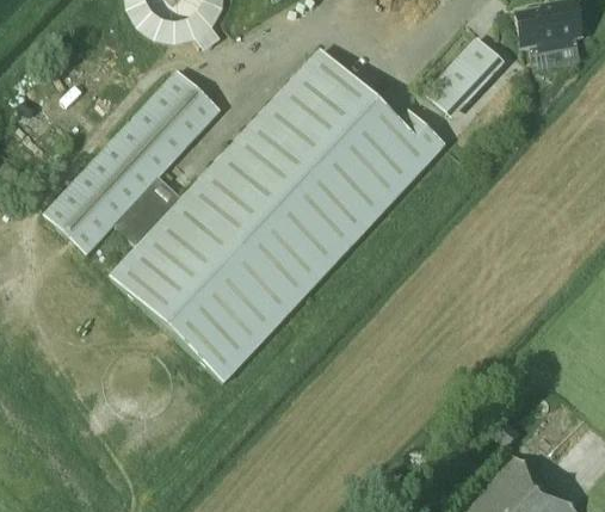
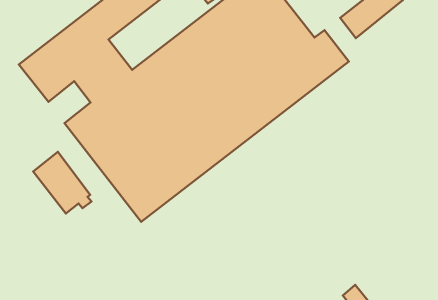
building: none -> [33,152,92,213]

